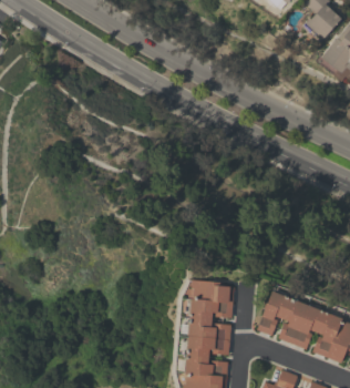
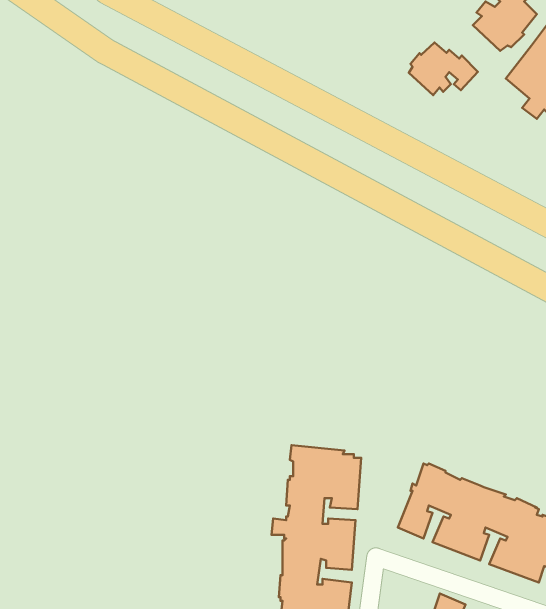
building: none -> [409,43,478,95]

